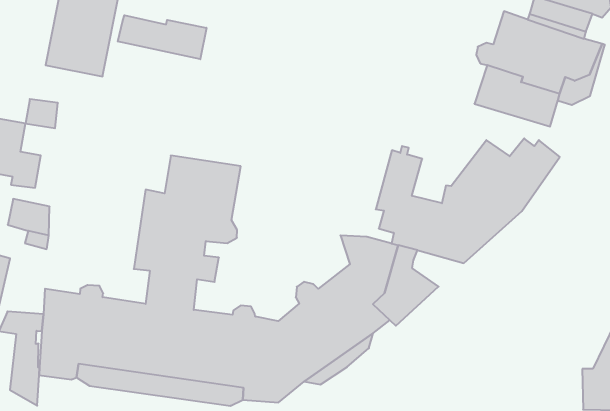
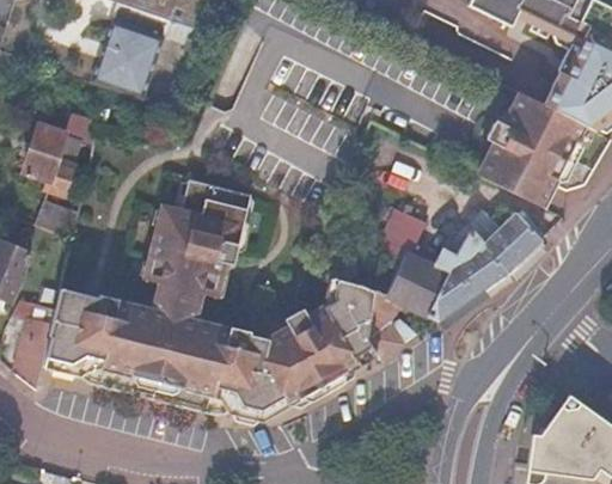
building: [118,15,206,59] -> none

